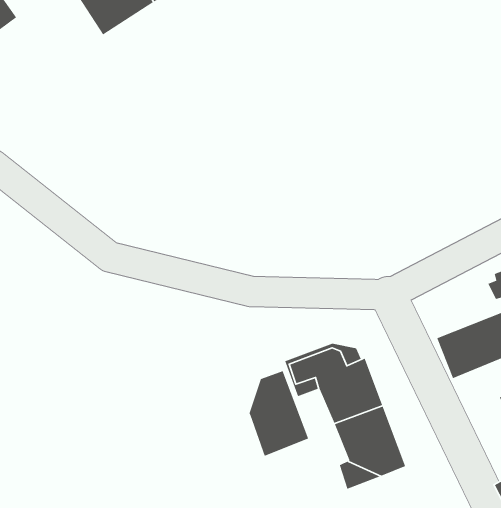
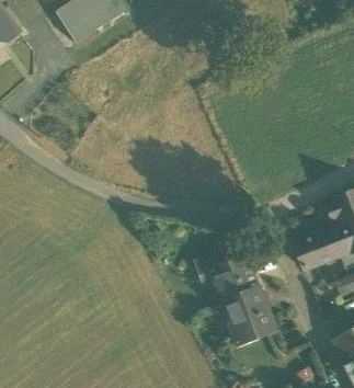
building: [248,370,309,457] -> none

